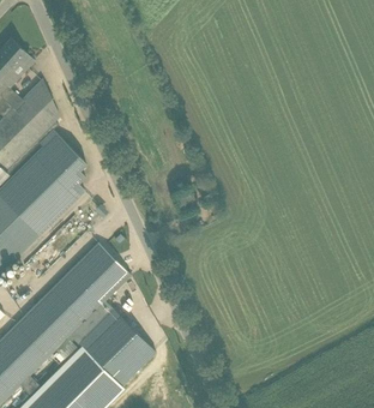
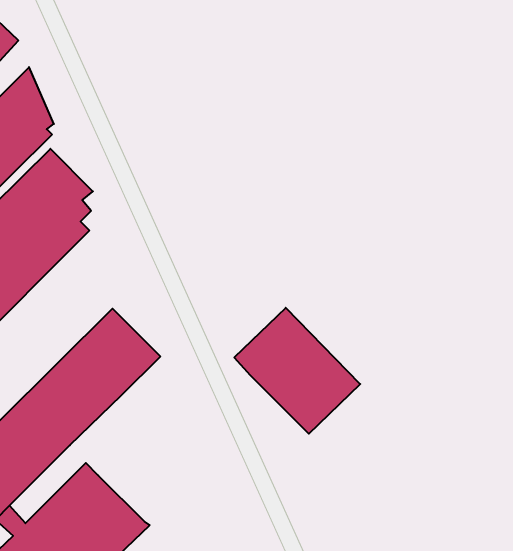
building: [70,300,155,385] -> [234,308,360,434]

